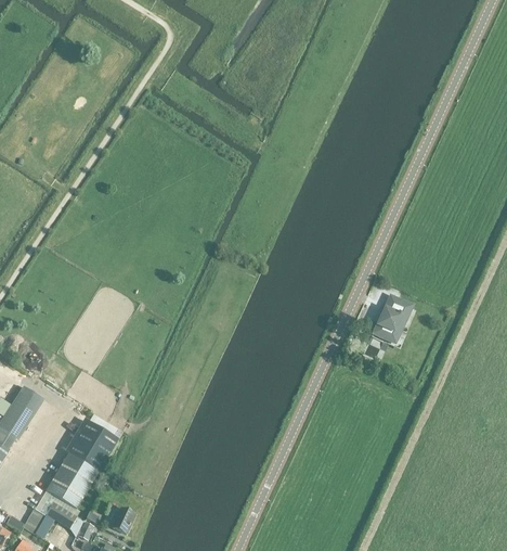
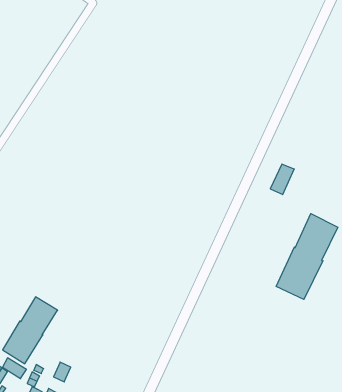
building: [375,296,406,336] -> [270,164,294,195]
building: none -> [276,214,338,299]

